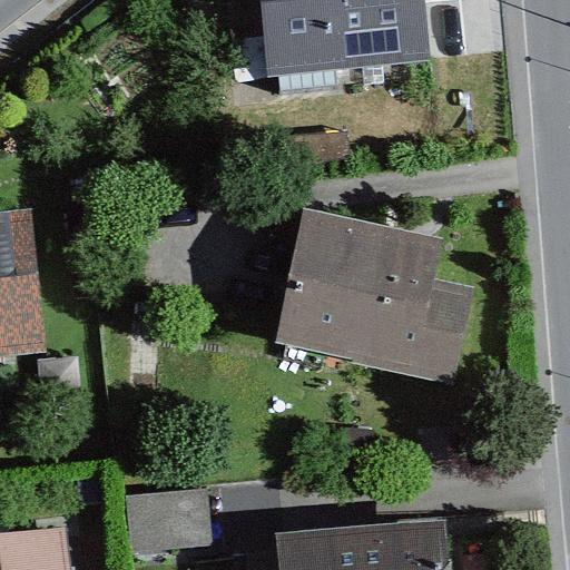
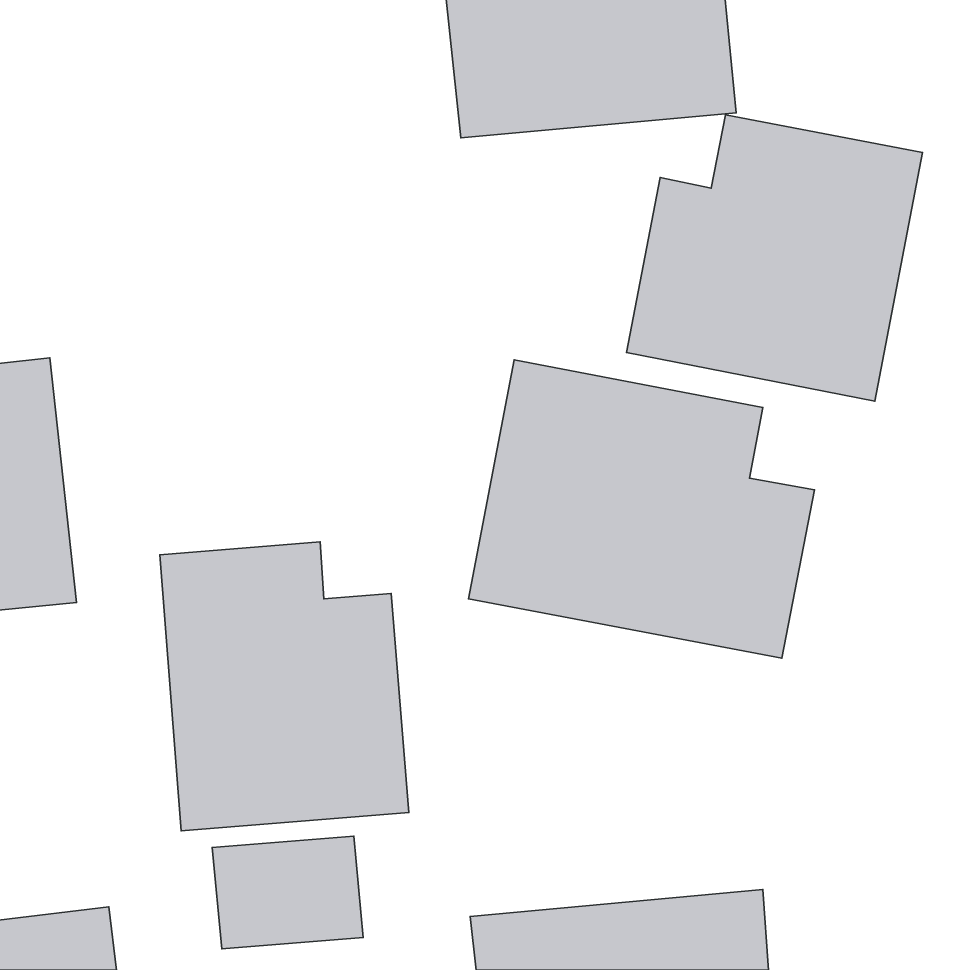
building: none -> [627,115,922,401]
building: none -> [160,542,409,831]

